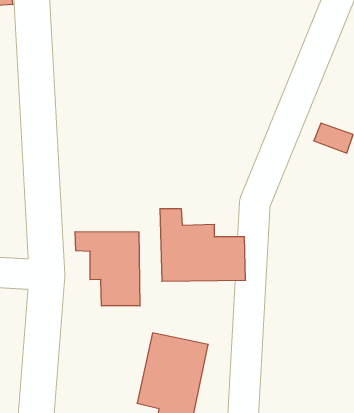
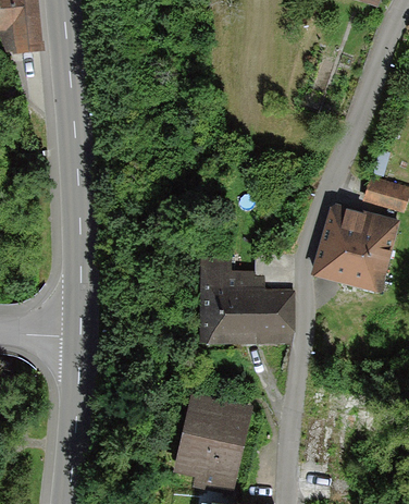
building: none -> [314,211,393,293]
building: [75,232,140,306] -> none

